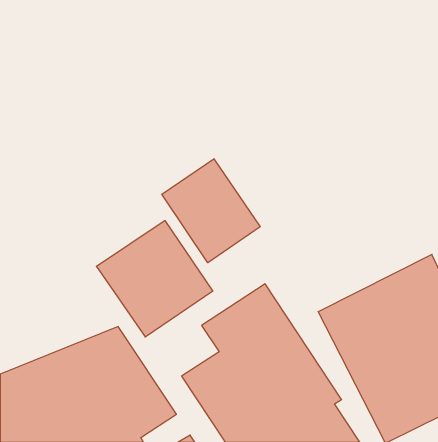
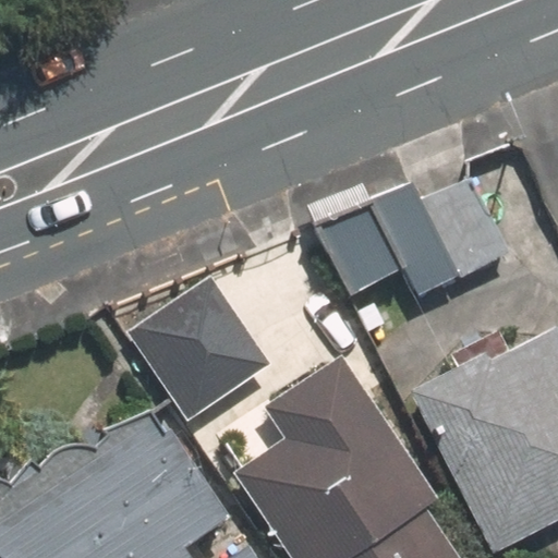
building: none -> [325,178,512,303]
building: [162,159,260,263] -> none

